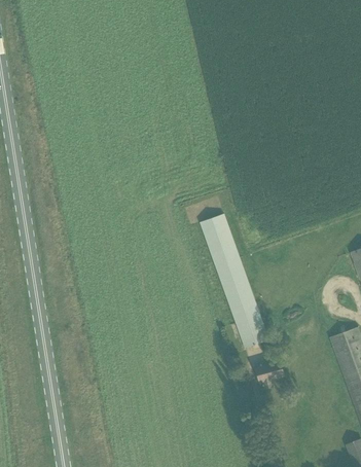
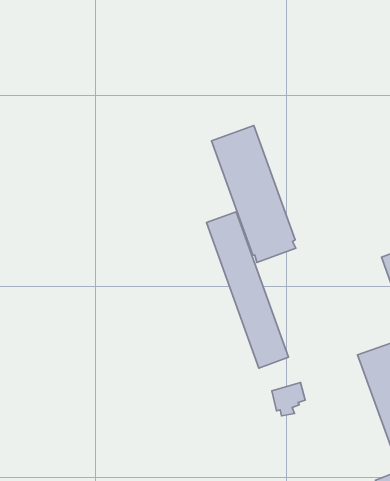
building: none -> [212,126,296,263]

